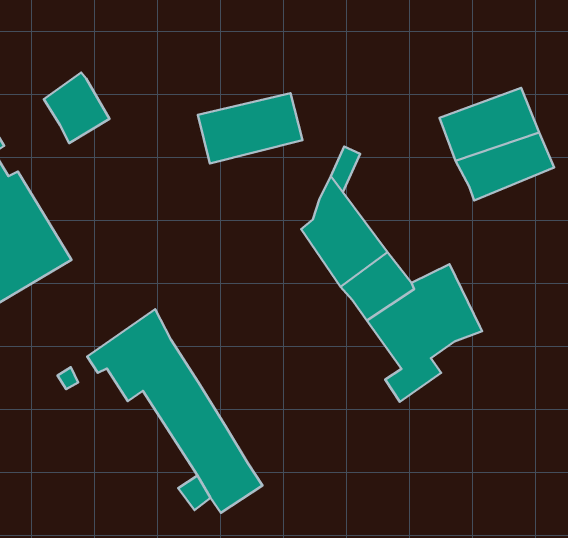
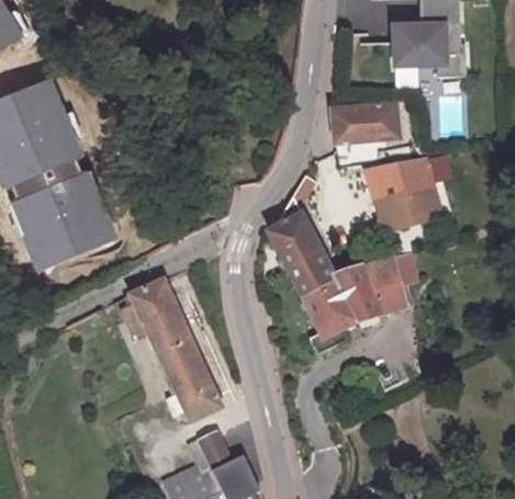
building: [44,73,109,143] -> none
building: [198,93,302,164] -> [335,105,403,145]
building: none -> [366,260,408,315]

